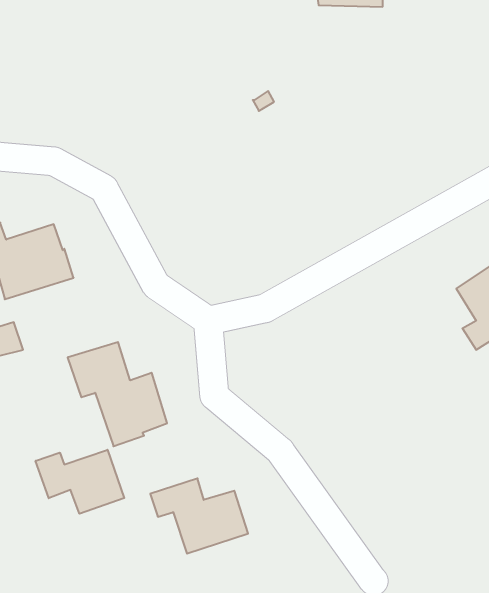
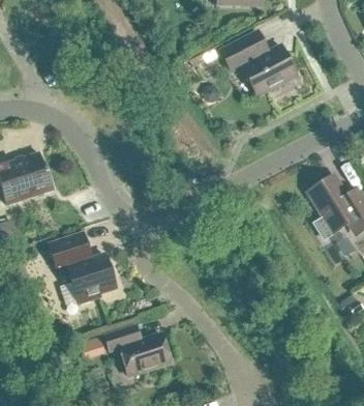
building: none -> [220,31,297,96]
building: [36,450,124,514] -> none

